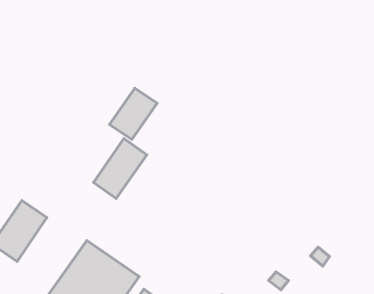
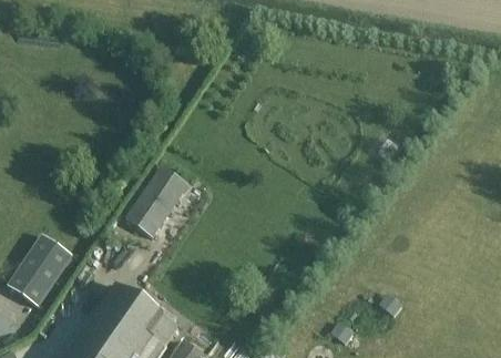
building: [110,88,157,140] -> none

